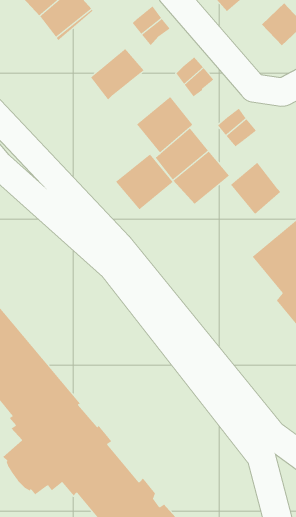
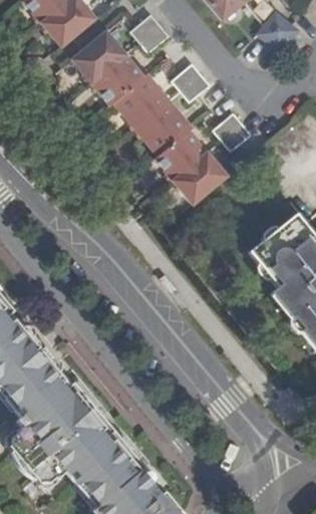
building: none -> [73,31,126,82]
building: [115,154,174,210] -> [113,73,170,127]
building: [230,162,281,215] -> none

